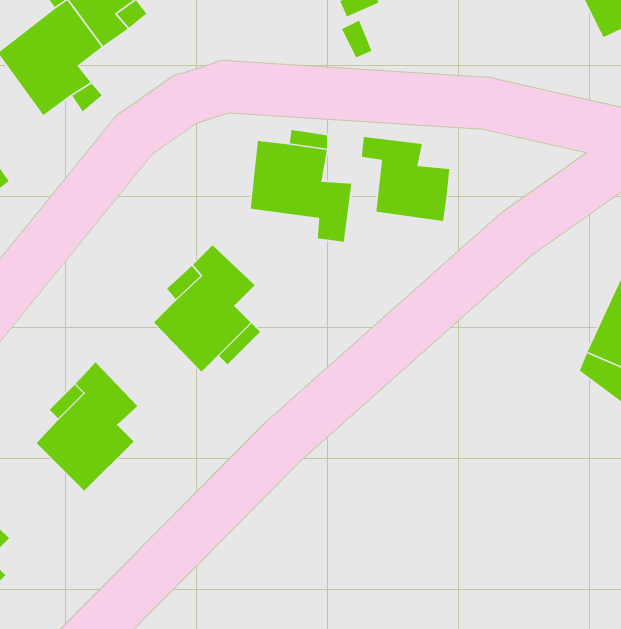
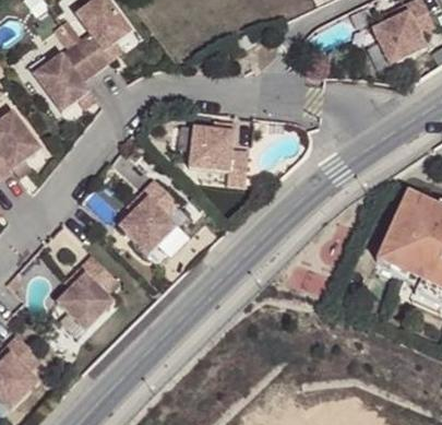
building: [361,136,450,222] -> none

